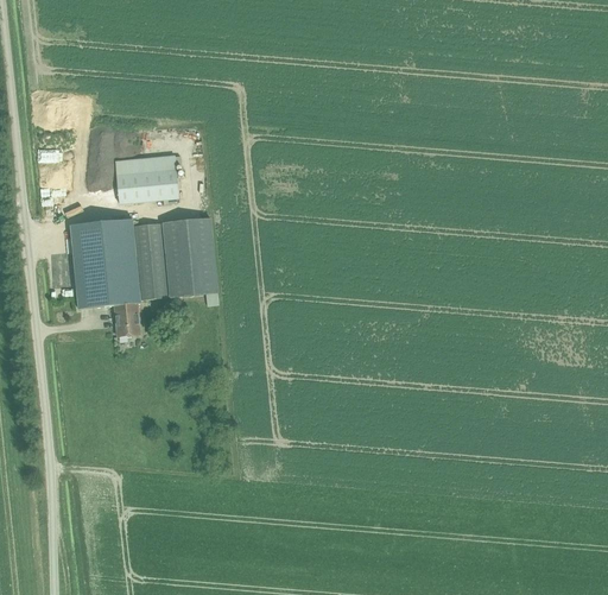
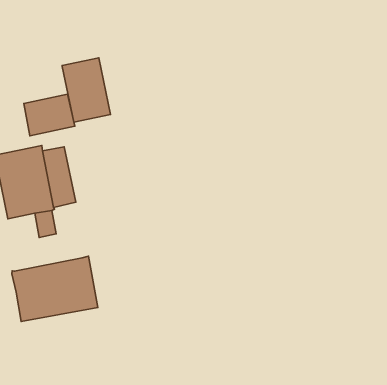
building: [162,216,217,296] -> [62,58,111,122]
building: none -> [12,256,98,321]

